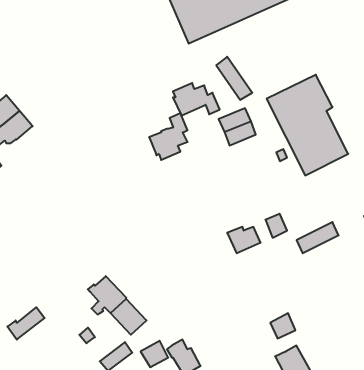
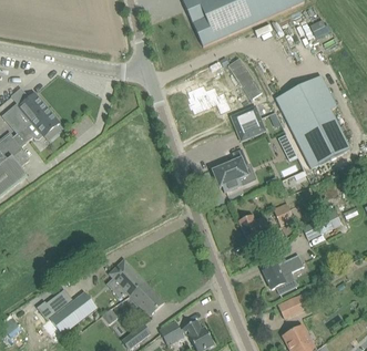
building: [149,113,188,160] -> [212,147,247,190]
building: none -> [262,254,303,292]
building: none -> [49,291,95,333]

